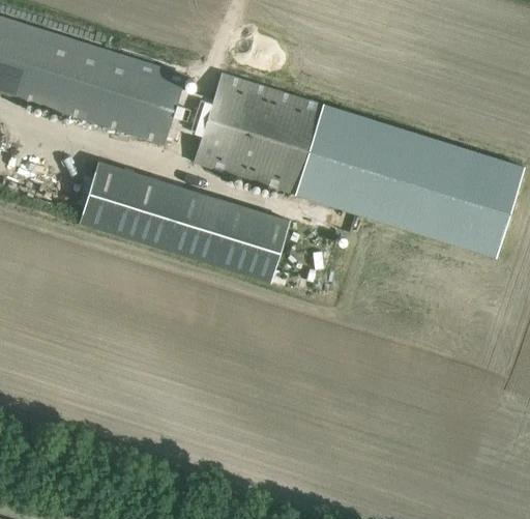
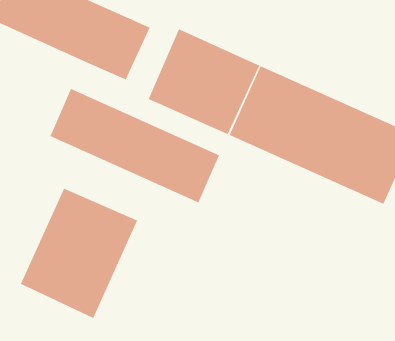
building: none -> [20,188,138,319]

